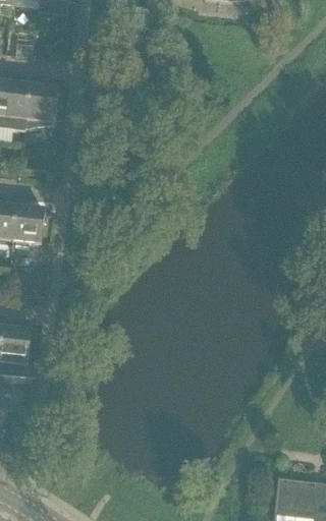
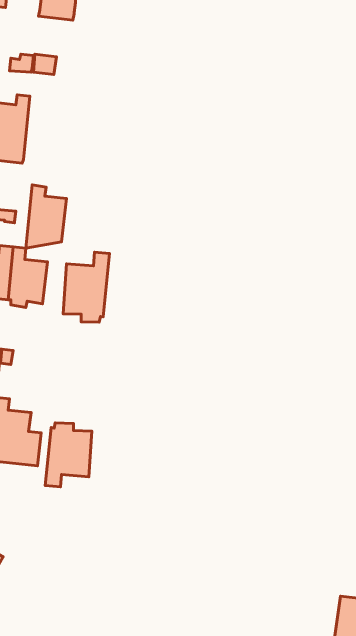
building: [24,77,57,128] -> [26,185,67,248]
building: none -> [63,252,109,322]
building: none -> [45,423,92,487]

